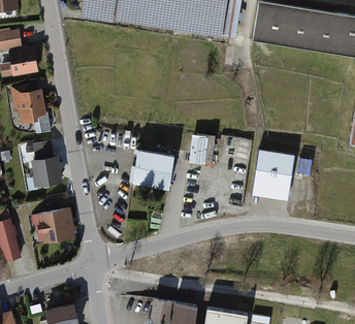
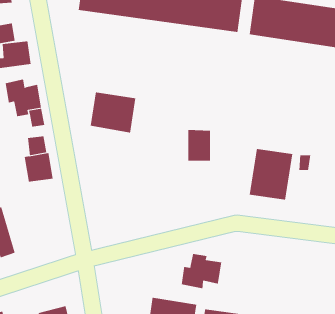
building: [131,151,176,191] -> [90,92,136,133]
building: [40,208,75,239] -> none
building: none -> [181,253,222,289]

